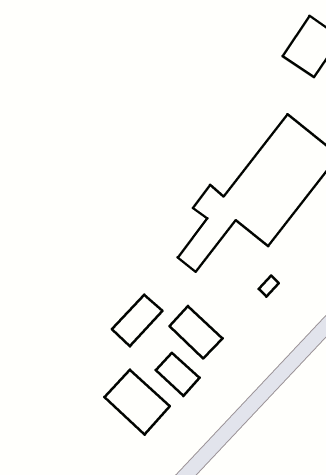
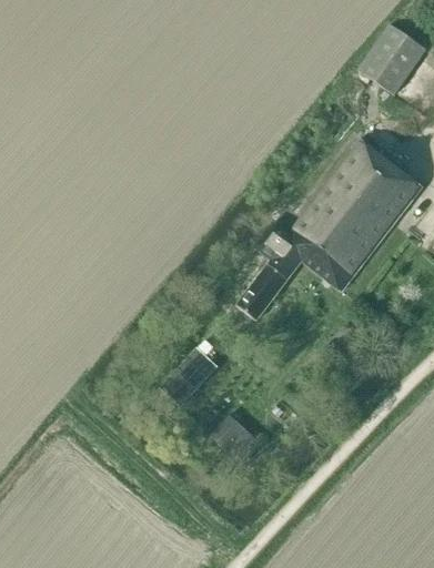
building: [170,306,223,358] -> none
building: [104,370,170,435] -> none

